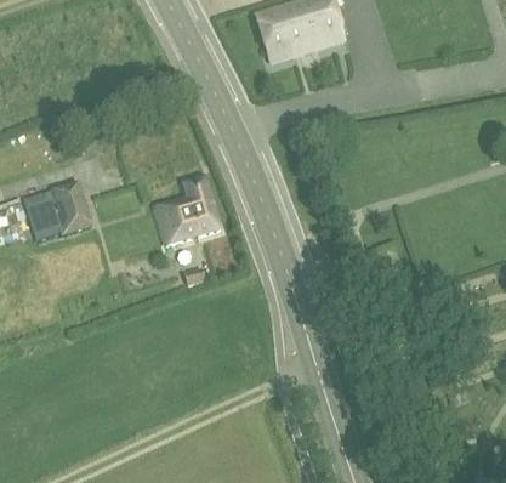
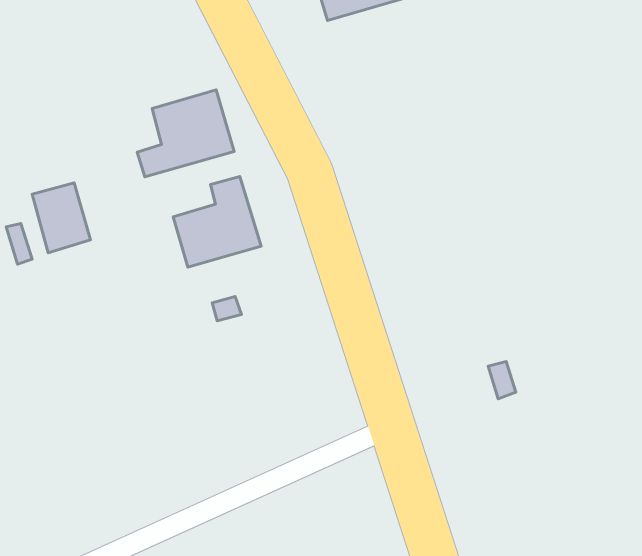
building: none -> [137,90,234,177]

